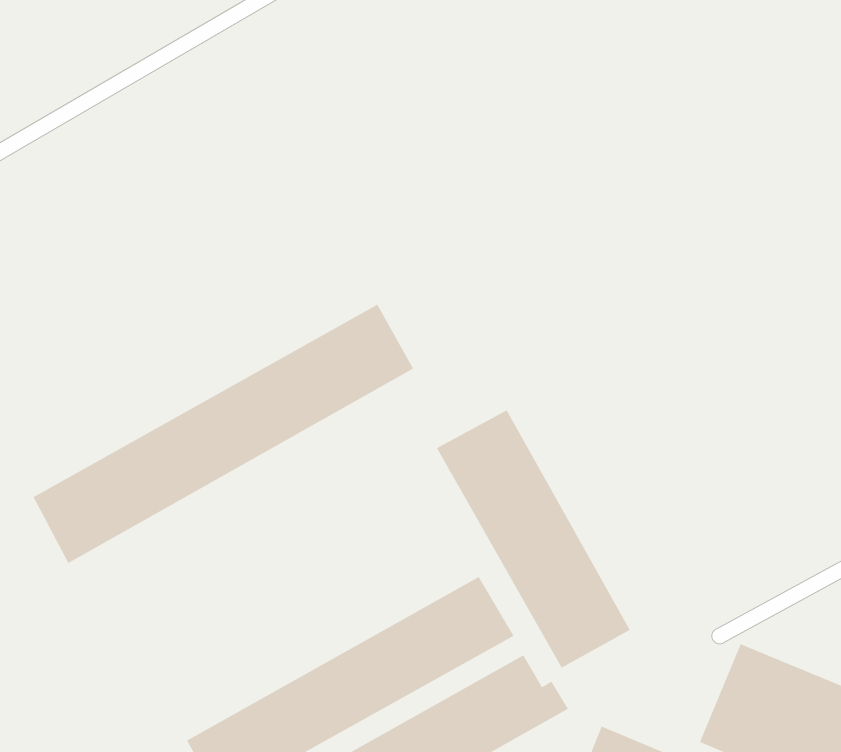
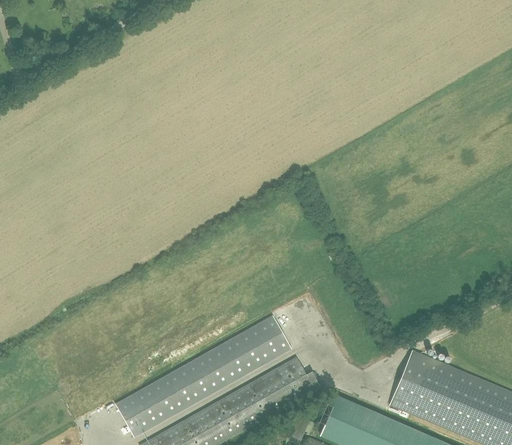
building: [33,304,414,564] -> none
building: [436,410,630,669] -> none

